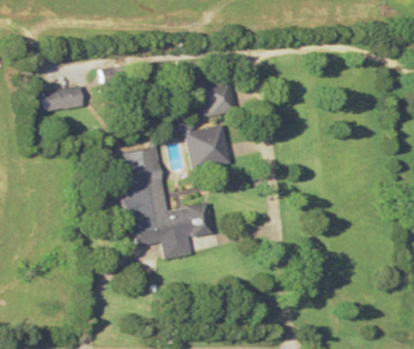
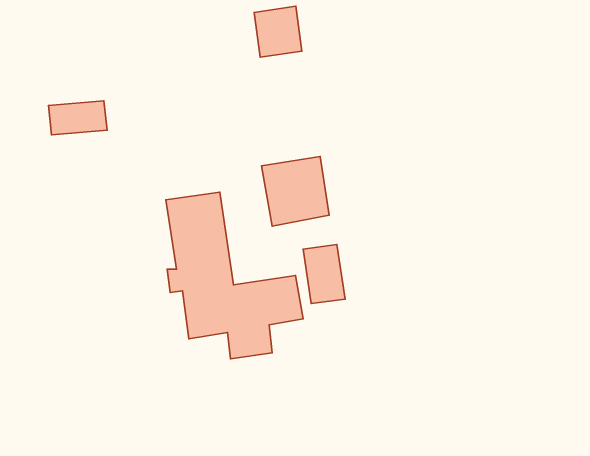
building: [202,81,234,115] -> [254,6,302,57]
building: none -> [303,245,345,303]

